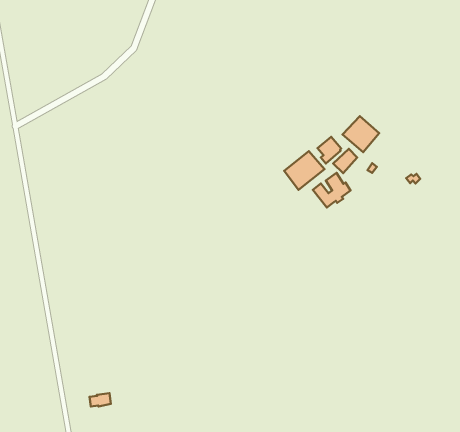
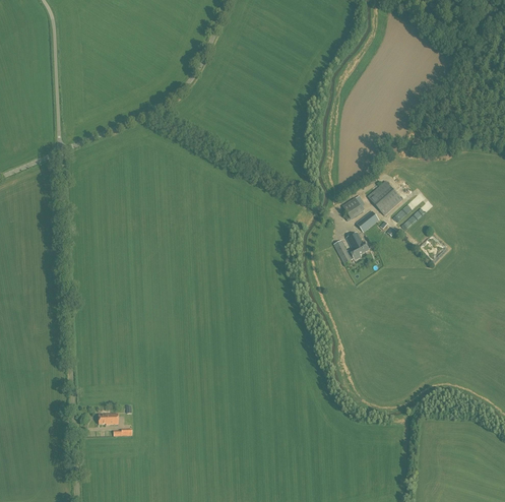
building: [284,151,325,190] -> none

